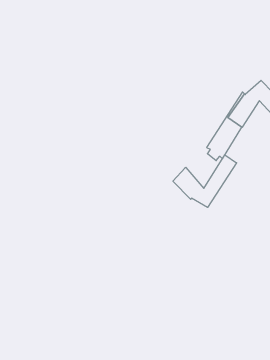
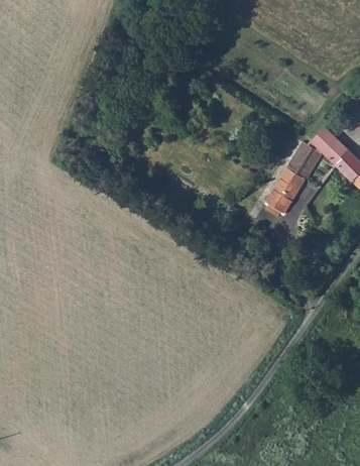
building: [173,155,237,207] -> none

